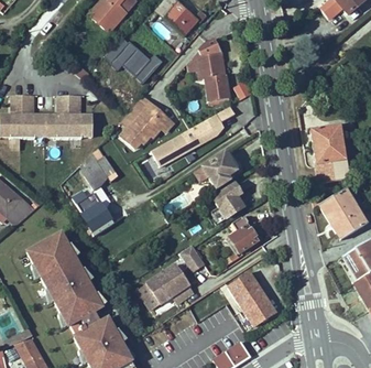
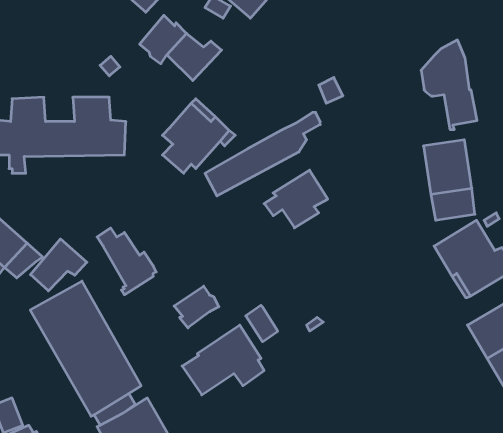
building: [188,40,229,105] -> [421,40,477,129]
building: [83,155,116,190] -> none
building: [210,178,245,218] -> none
building: none -> [30,239,87,291]
building: [225,218,260,253] -> none
building: none -> [174,286,219,328]
building: [226,270,277,327] -> none

